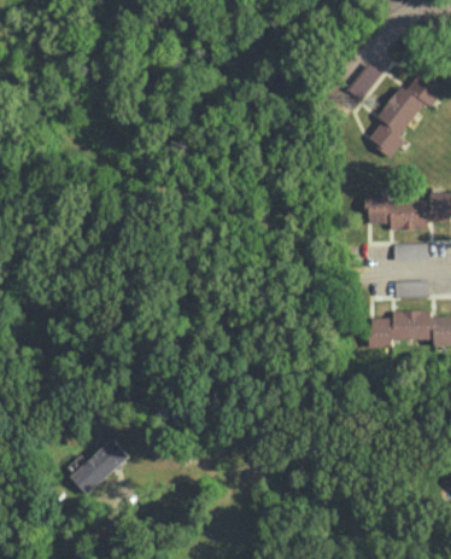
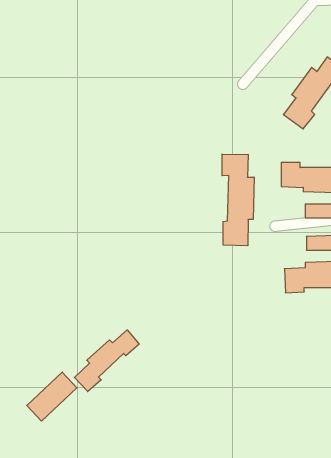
building: [346,63,381,100] -> none
building: none -> [222,154,254,246]
building: none -> [74,330,139,392]

